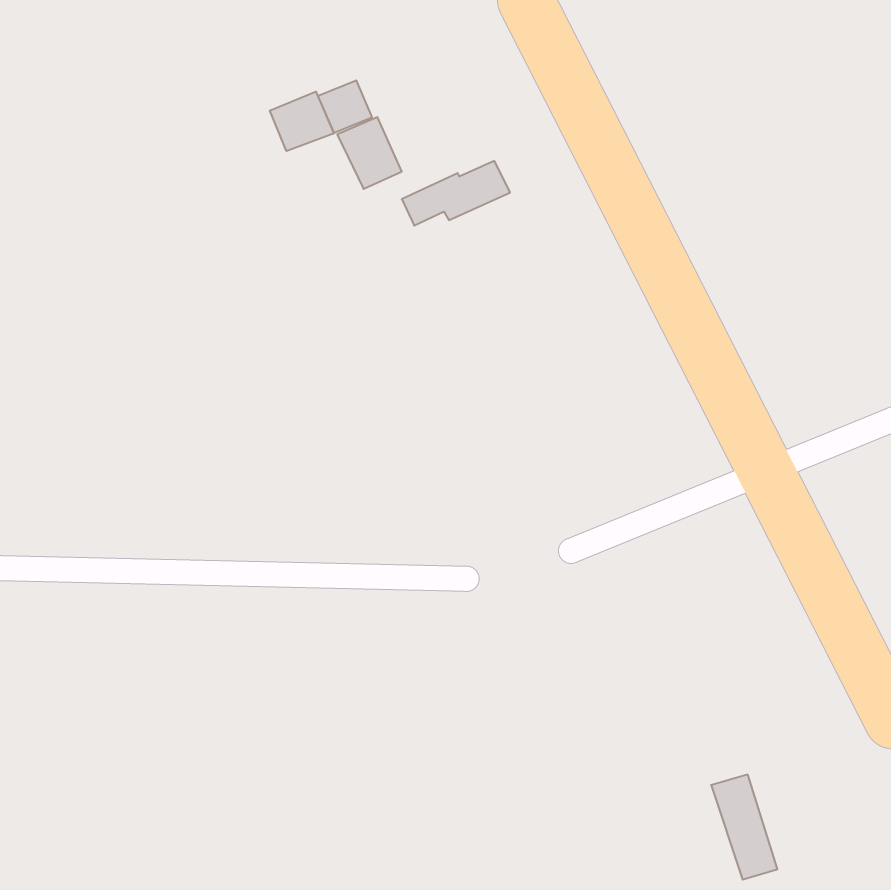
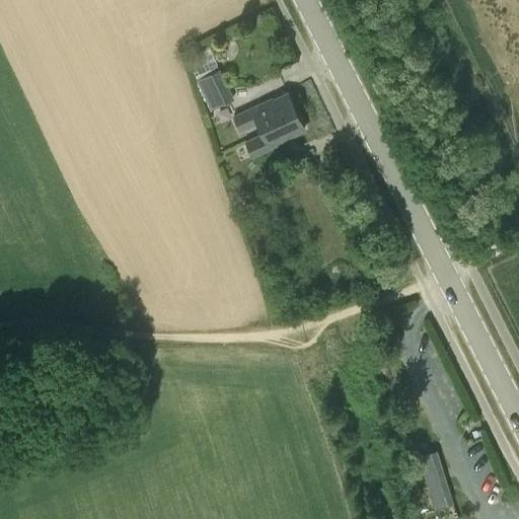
building: [270,92,334,151] -> none
building: none -> [246,114,305,158]

